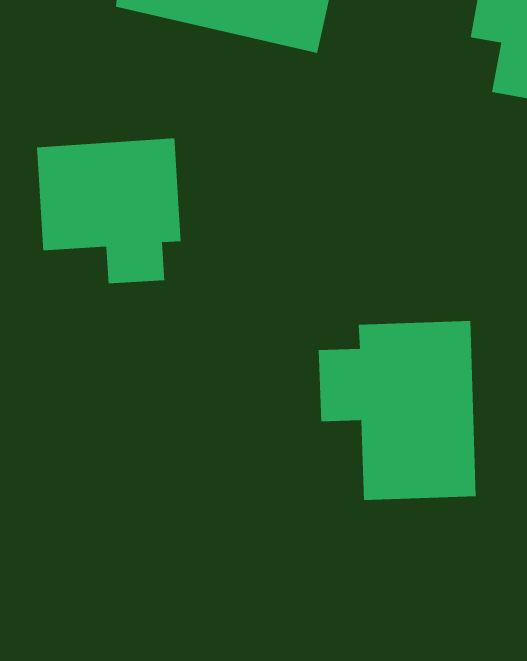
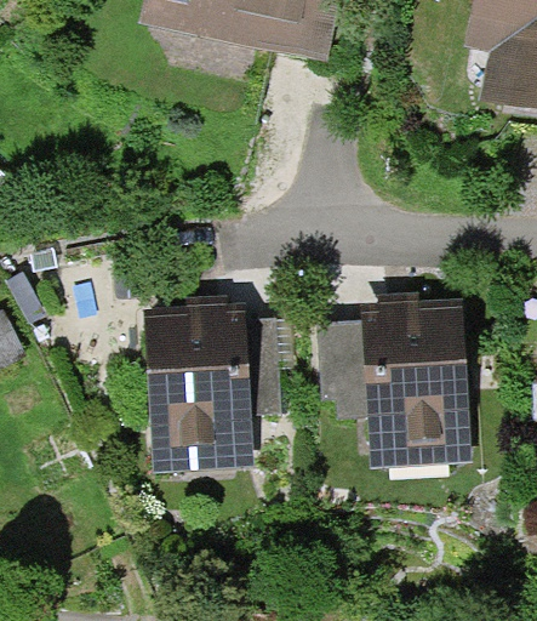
building: [37,138,181,284] -> none
building: none -> [147,307,255,473]

